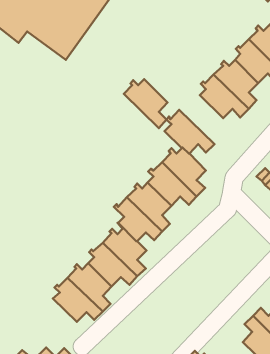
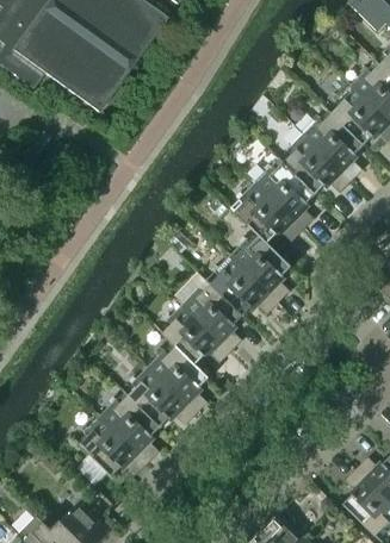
building: [124,79,167,128] -> [254,162,315,230]

